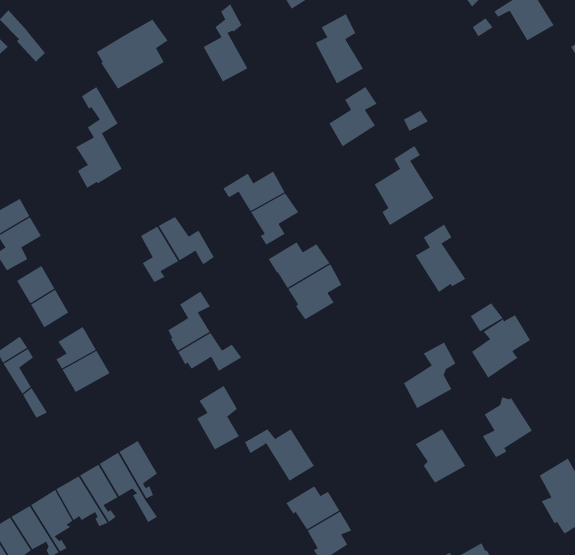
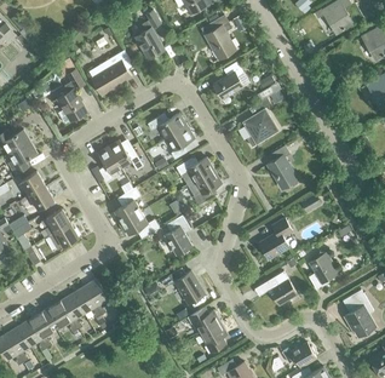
building: [96,19,168,90] -> [88,51,133,94]
building: [471,314,531,379] -> none
building: [197,385,240,450] -> [165,214,191,254]

